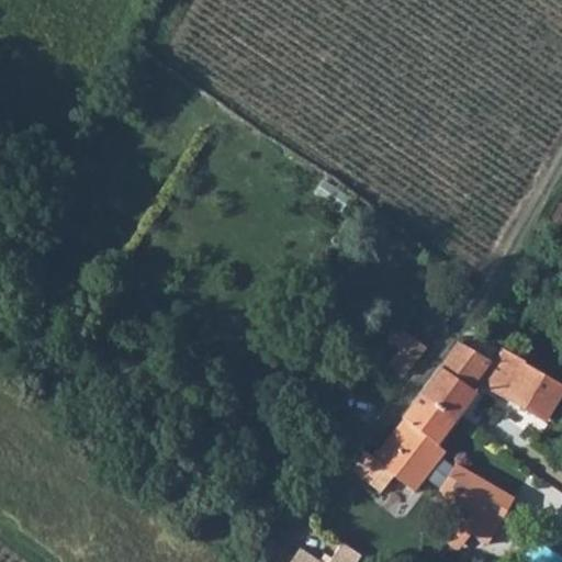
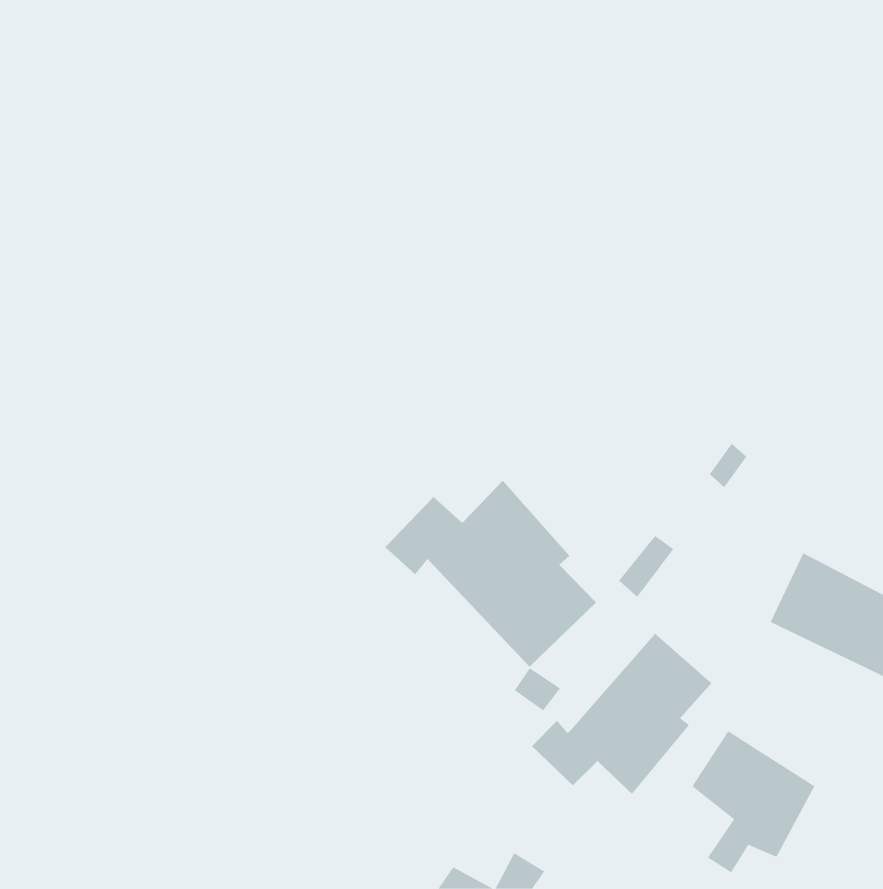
building: none -> [385,480,597,668]
building: [417,347,491,430] -> none

